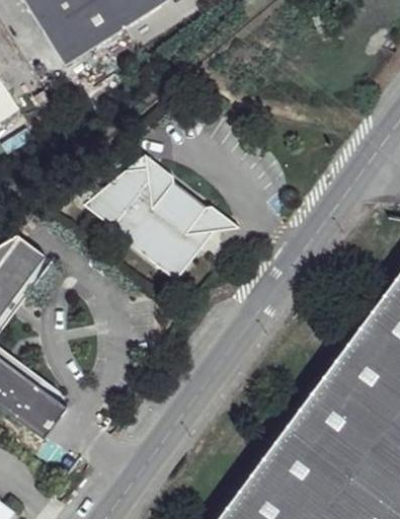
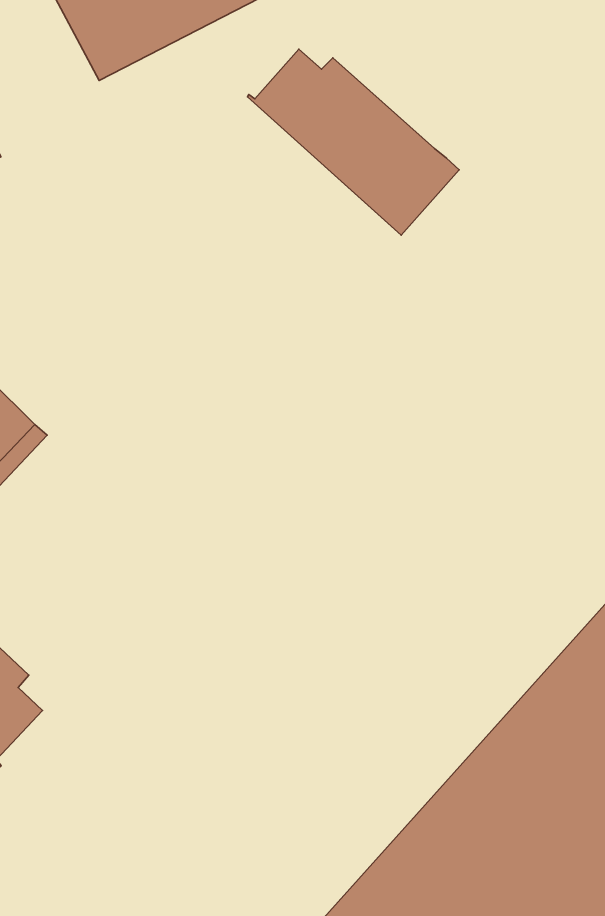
building: none -> [247,49,459,235]
building: [86,158,239,285] -> none

